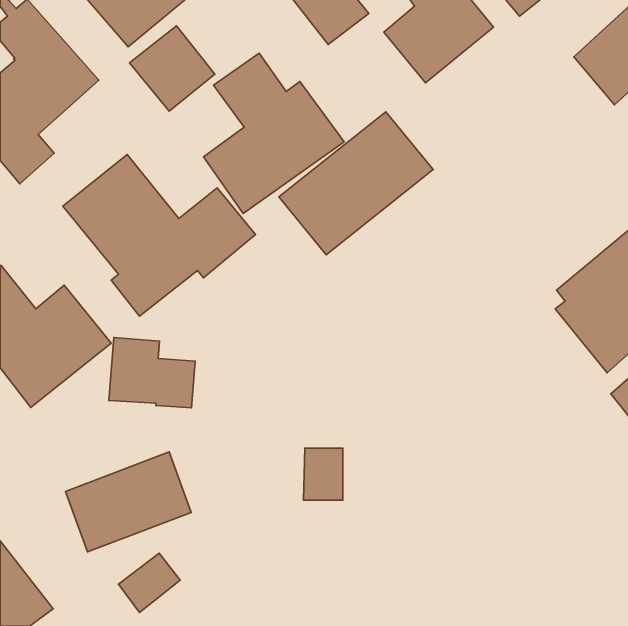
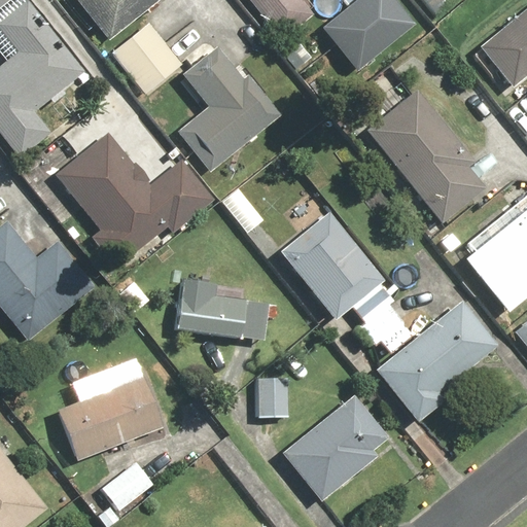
building: none -> [366,86,488,223]
building: [279,112,433,255] -> none
building: none -> [281,210,499,423]
building: [109,338,195,408] -> [175,278,247,337]
building: none -> [281,394,386,501]

